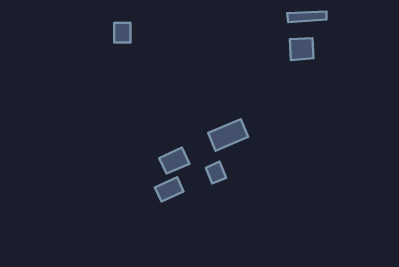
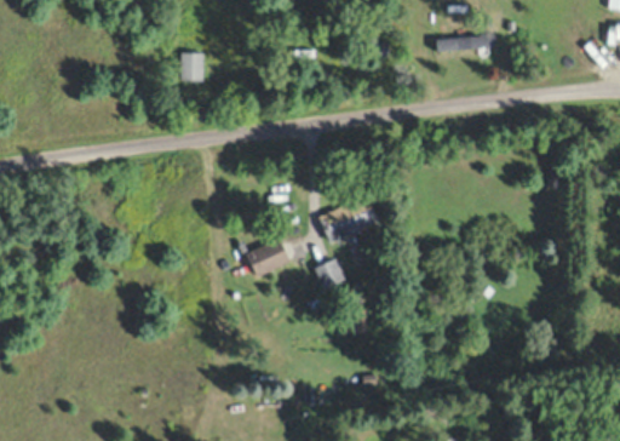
building: [290,38,313,60] -> none
building: [155,177,184,202] -> none

